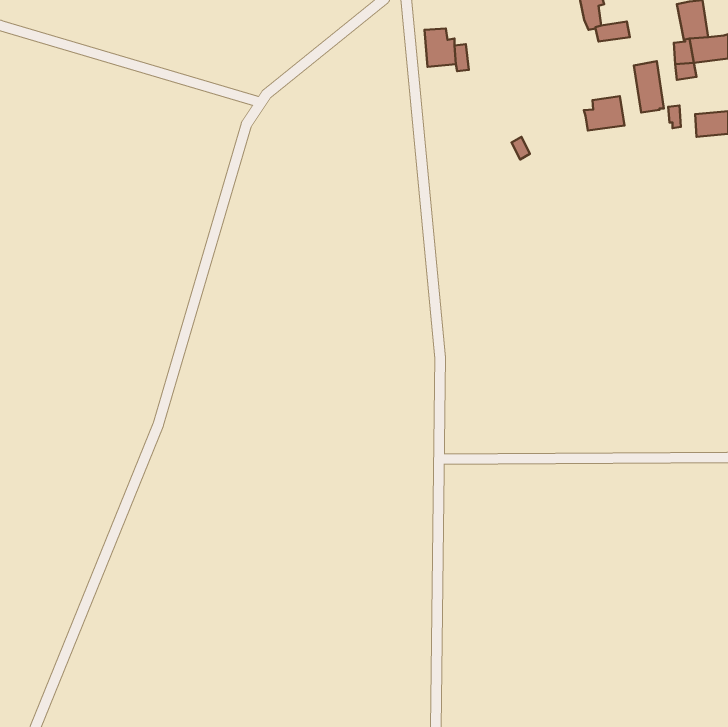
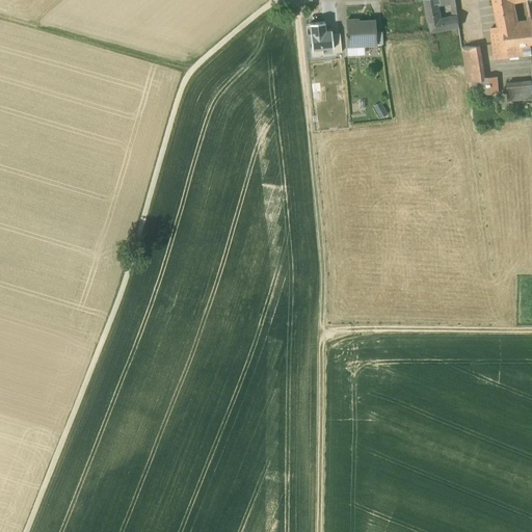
building: none -> [346,19,377,46]
building: [584,96,624,130] -> none

